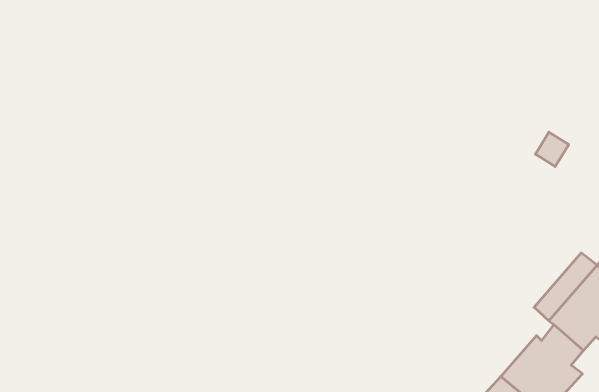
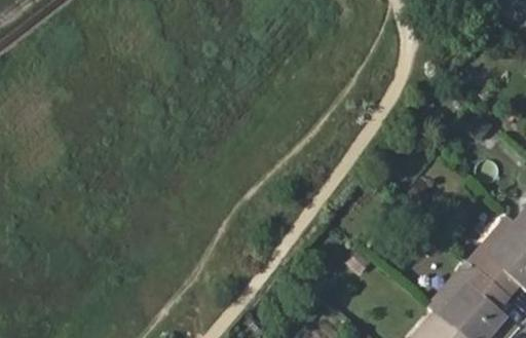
building: none -> [428,260,485,317]

